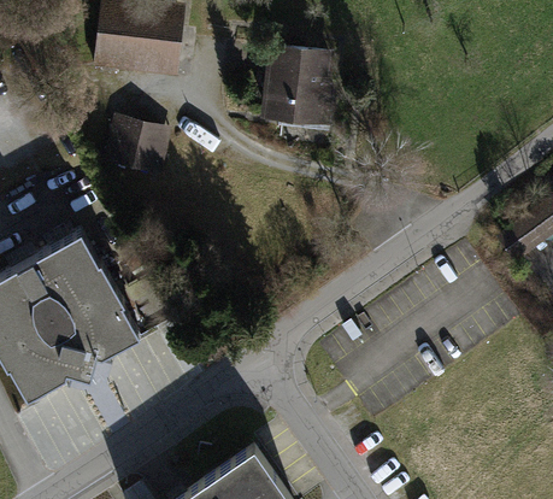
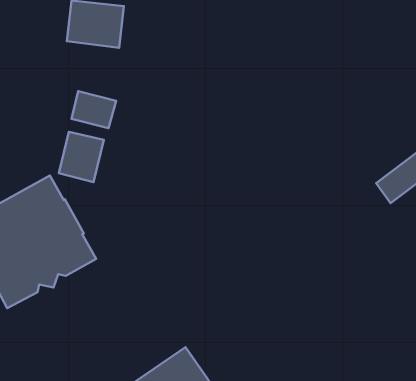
building: [266,53,333,128] -> none
building: none -> [59,132,104,182]

